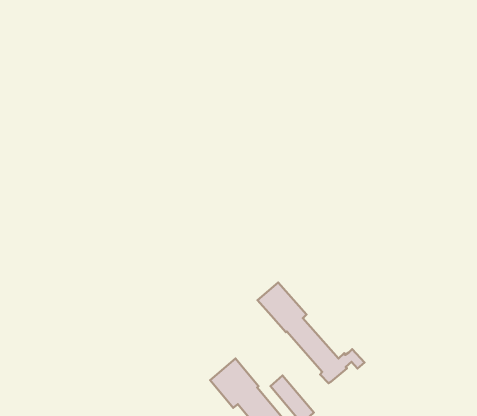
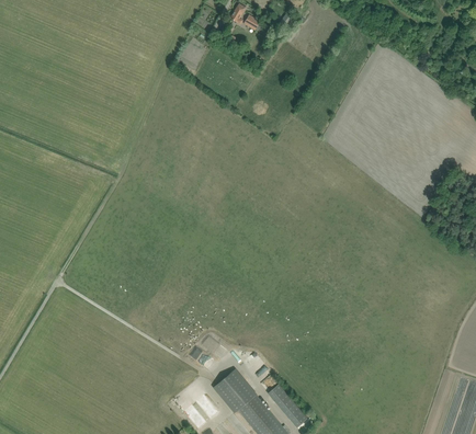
building: [258,283,364,383] -> none

